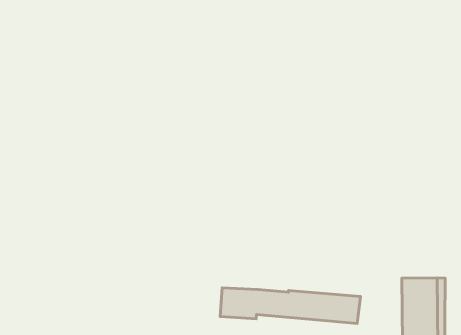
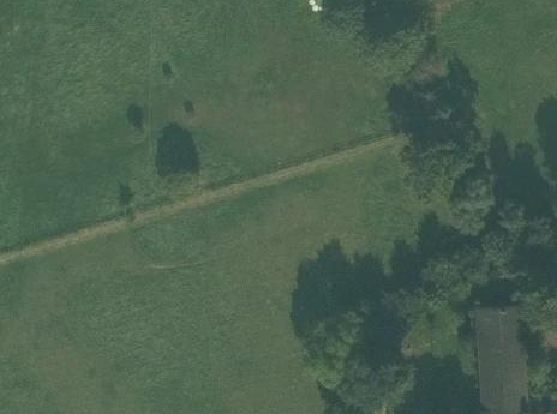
building: [220,288,360,324] -> none

